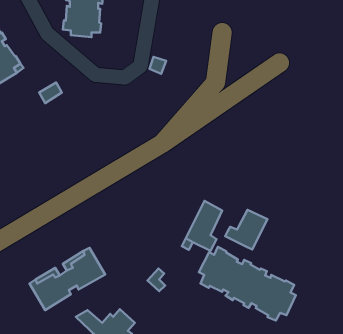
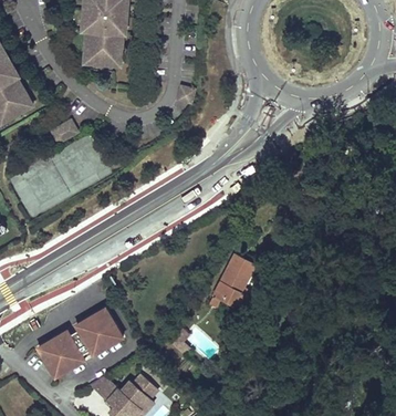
building: [225,210,267,249] -> none
building: [199,247,296,321] -> none

